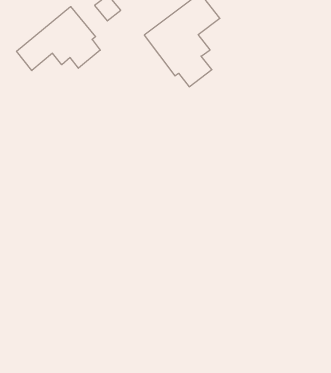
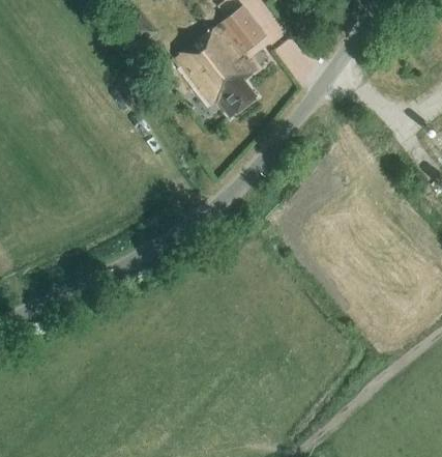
building: [17,7,100,71] -> none

